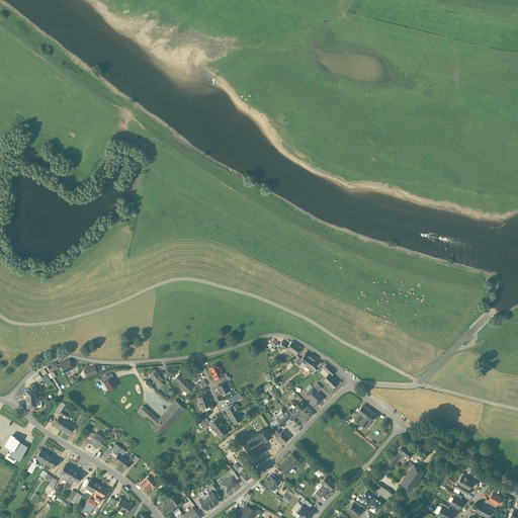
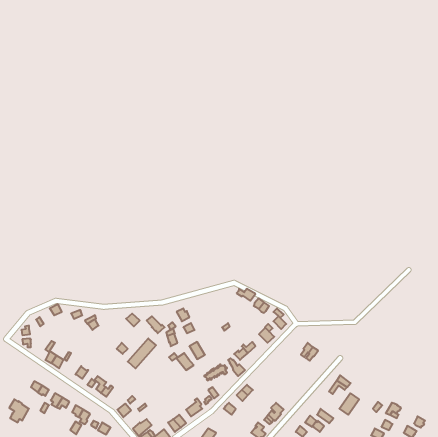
building: [4,436,27,463] -> [9,399,29,422]

